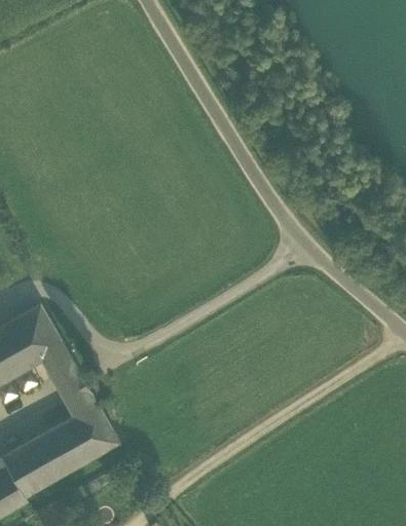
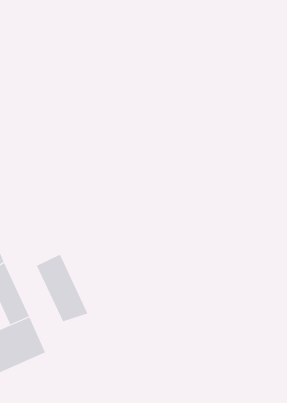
building: none -> [36,254,88,322]

